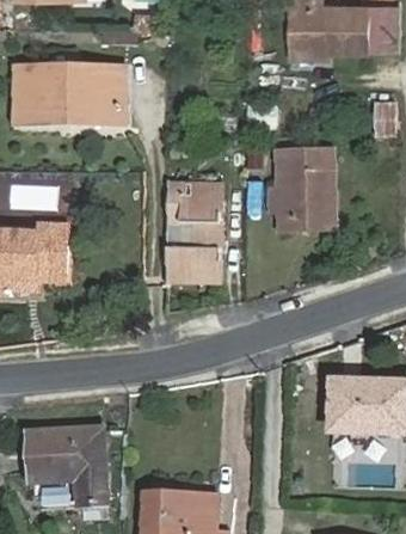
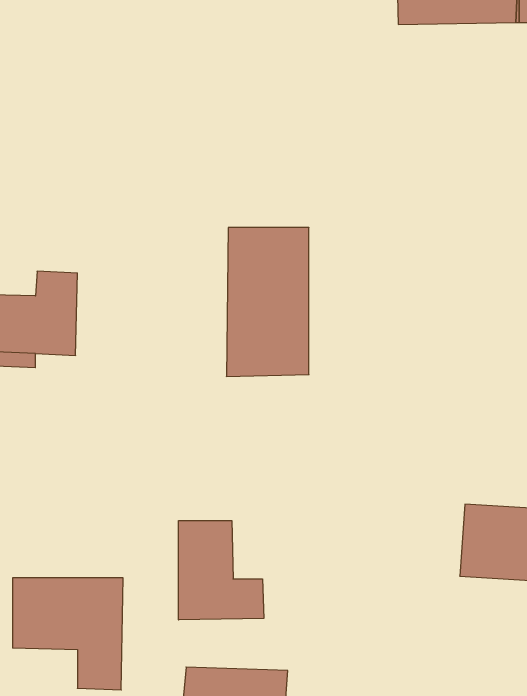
building: [20,70,125,127] -> none
building: [272,149,330,231] -> none
building: none -> [179,521,264,620]

